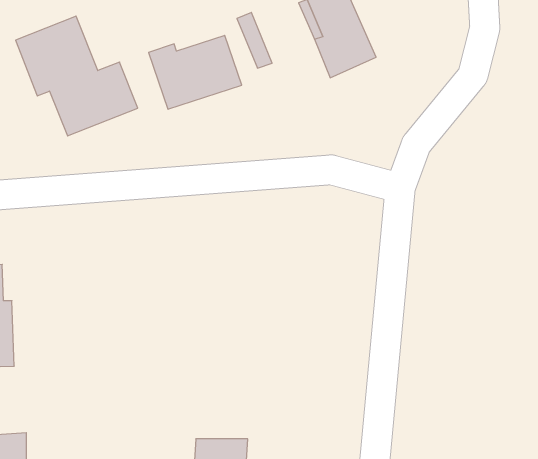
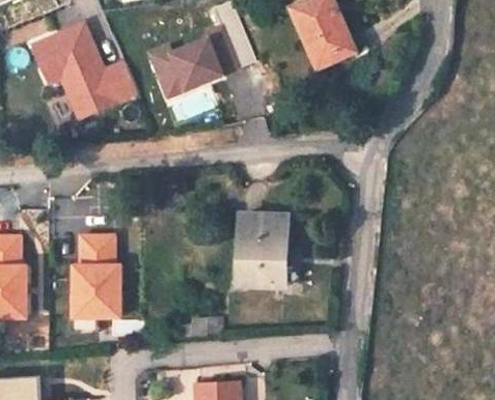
building: none -> [231,212,282,284]
building: none -> [75,232,121,319]

